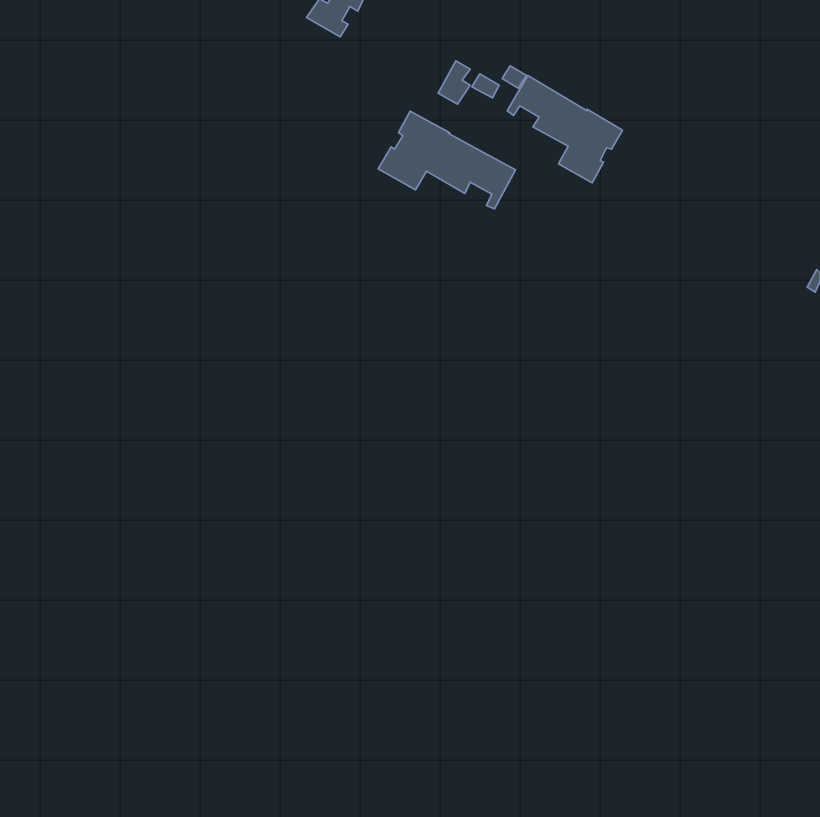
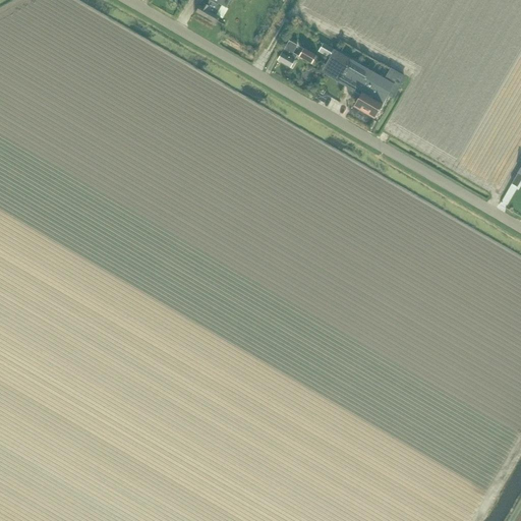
building: [378,111,516,209] -> none

